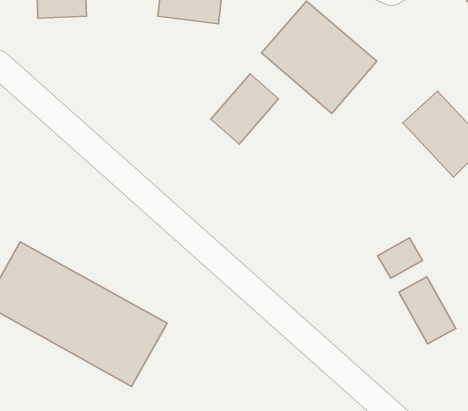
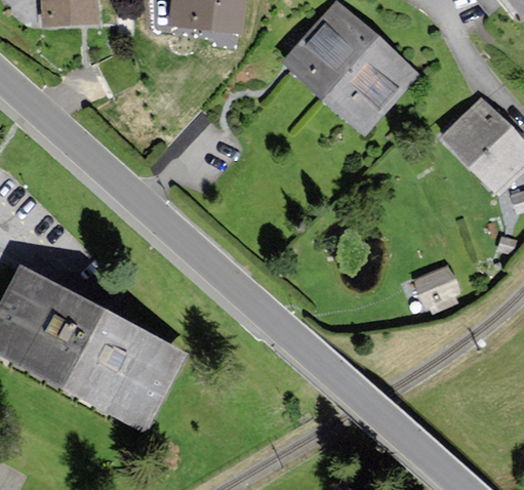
building: [211,74,279,144] -> none
building: [399,277,456,344] -> none

